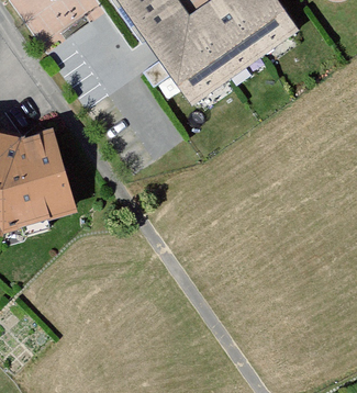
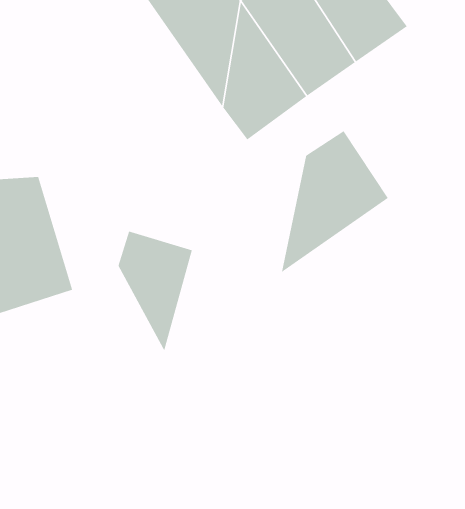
building: none -> [281,130,389,274]
building: none -> [117,231,193,353]

